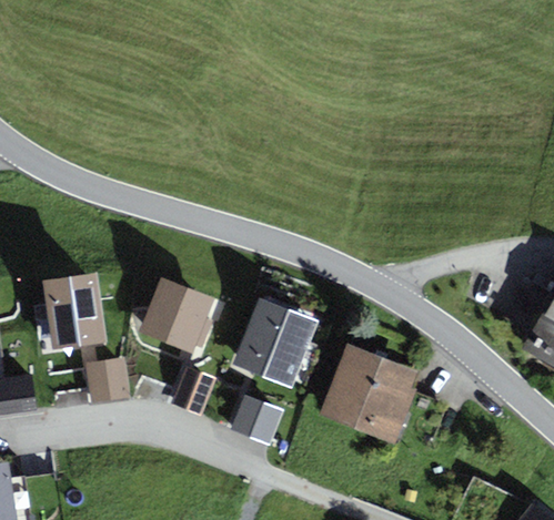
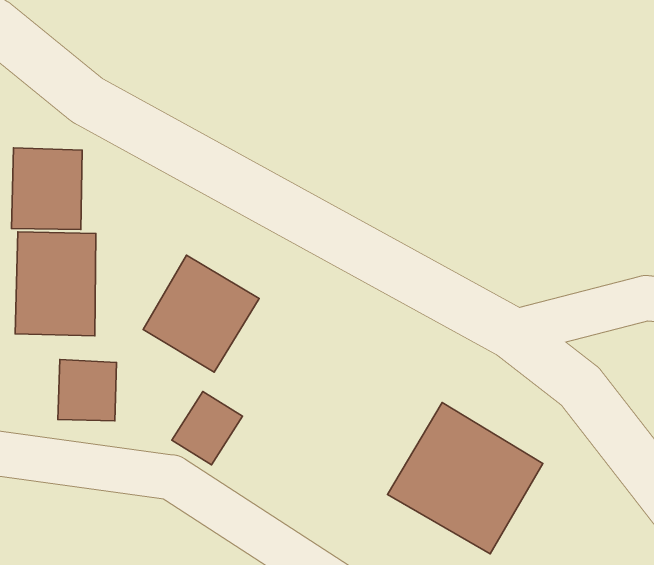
building: none -> [12,148,82,229]
building: [238,303,312,381] -> none
building: [234,398,279,440] -> none

